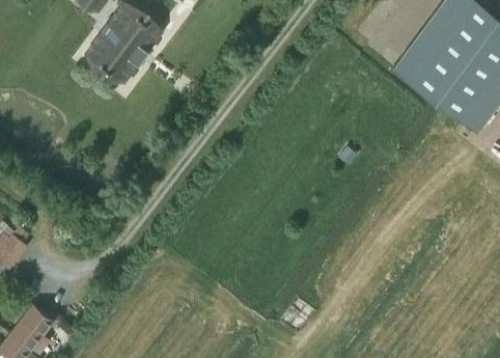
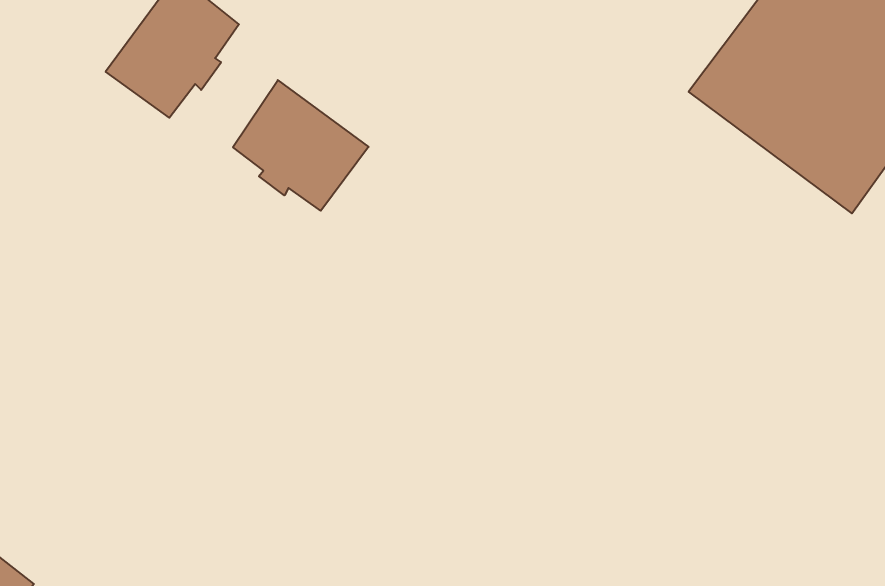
building: none -> [233,80,369,211]

